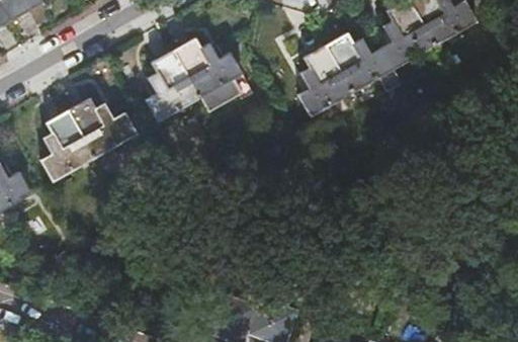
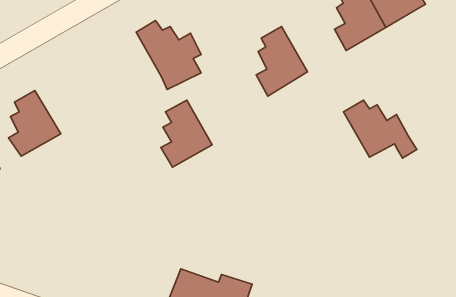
building: [326,31,403,92] -> [343,100,417,158]
building: [147,50,200,119] -> [161,100,212,167]
building: [68,98,136,156] -> none

